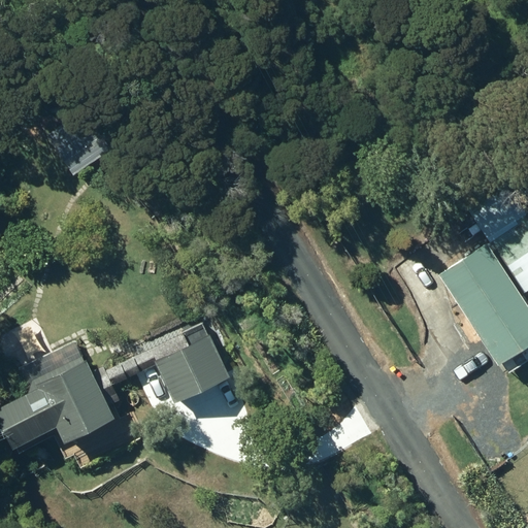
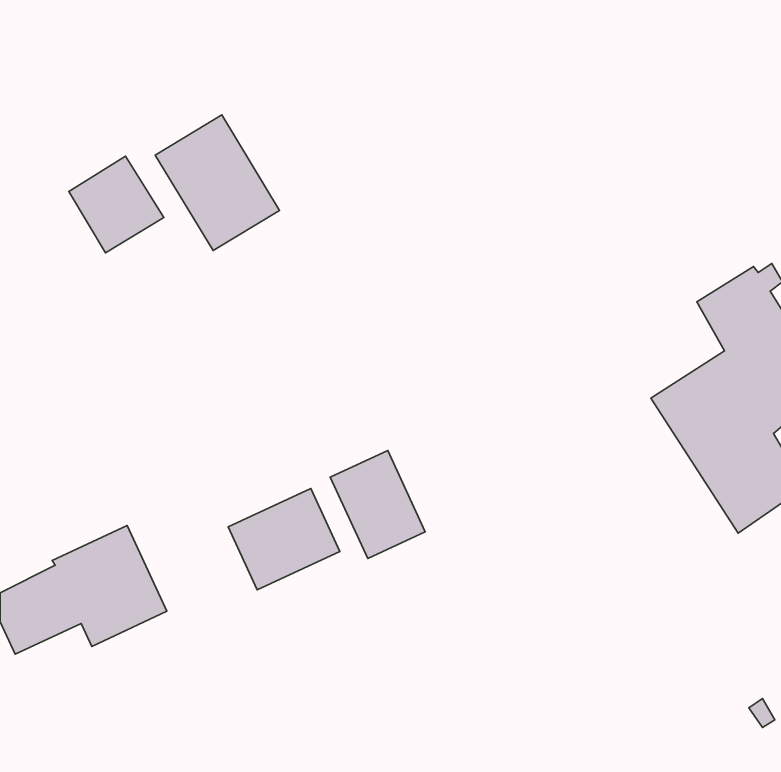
building: none -> [155,115,280,251]
building: none -> [330,451,425,558]

